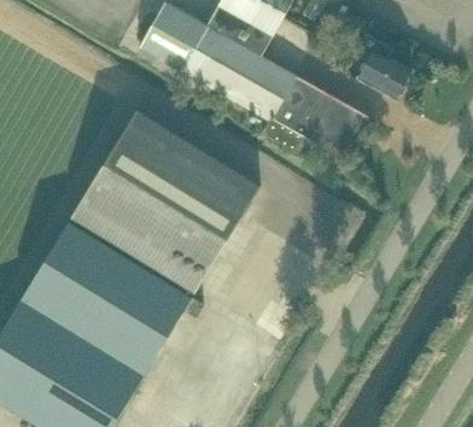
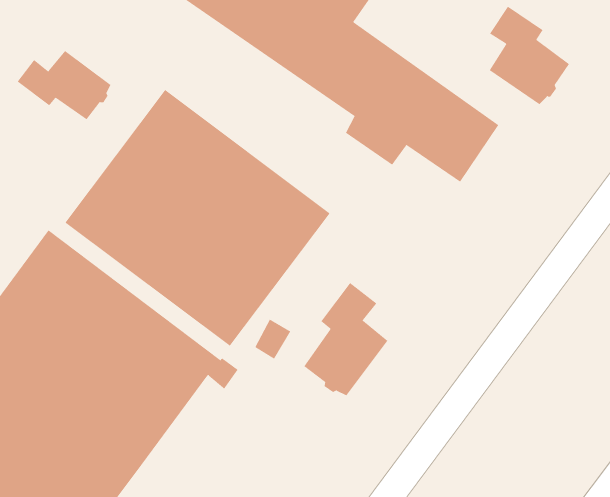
building: none -> [17,50,111,120]
building: none -> [304,282,388,396]

